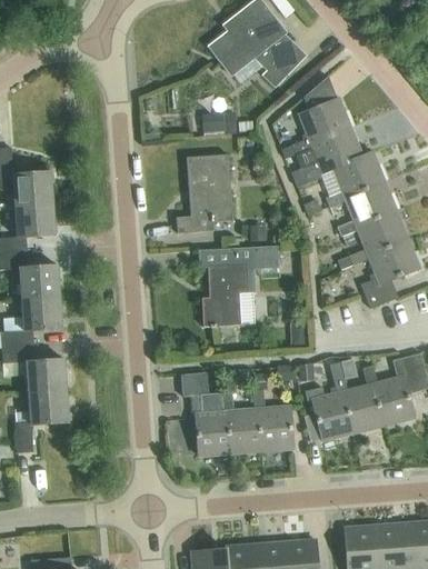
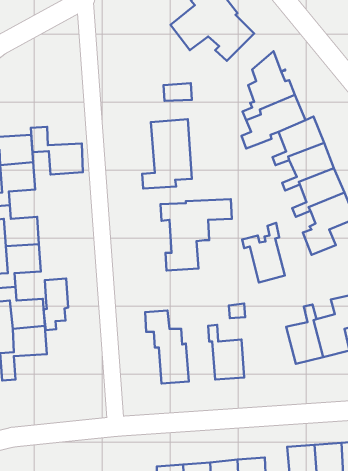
building: none -> [31,127,83,175]
building: none -> [44,279,68,330]
building: [303,372,352,440] -> [242,223,285,282]
building: [221,391,260,452] -> none

